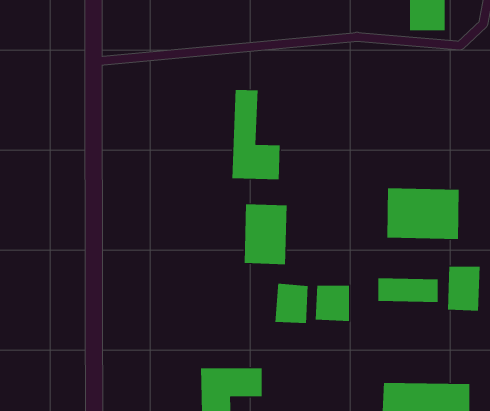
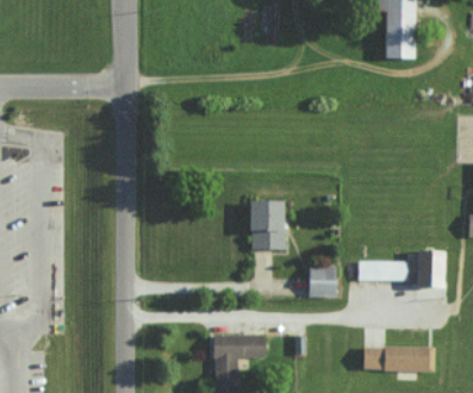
building: [232,89,280,180] -> none
building: [387,187,459,240] -> none
building: [275,283,308,324] -> none

